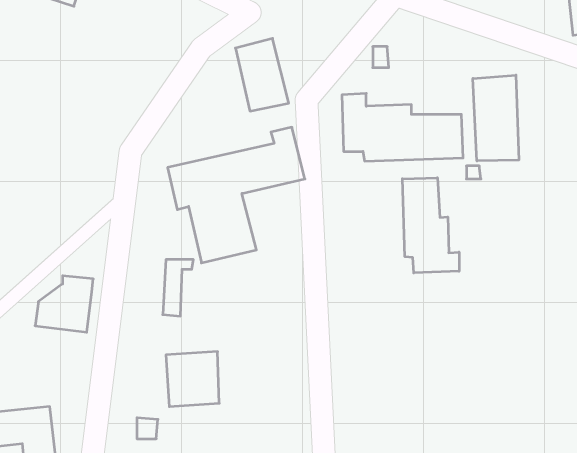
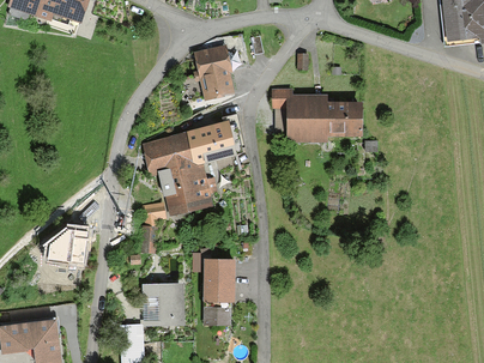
building: [473,75,519,161] -> none
building: [402,178,459,273] -> none
building: none -> [204,259,231,325]

